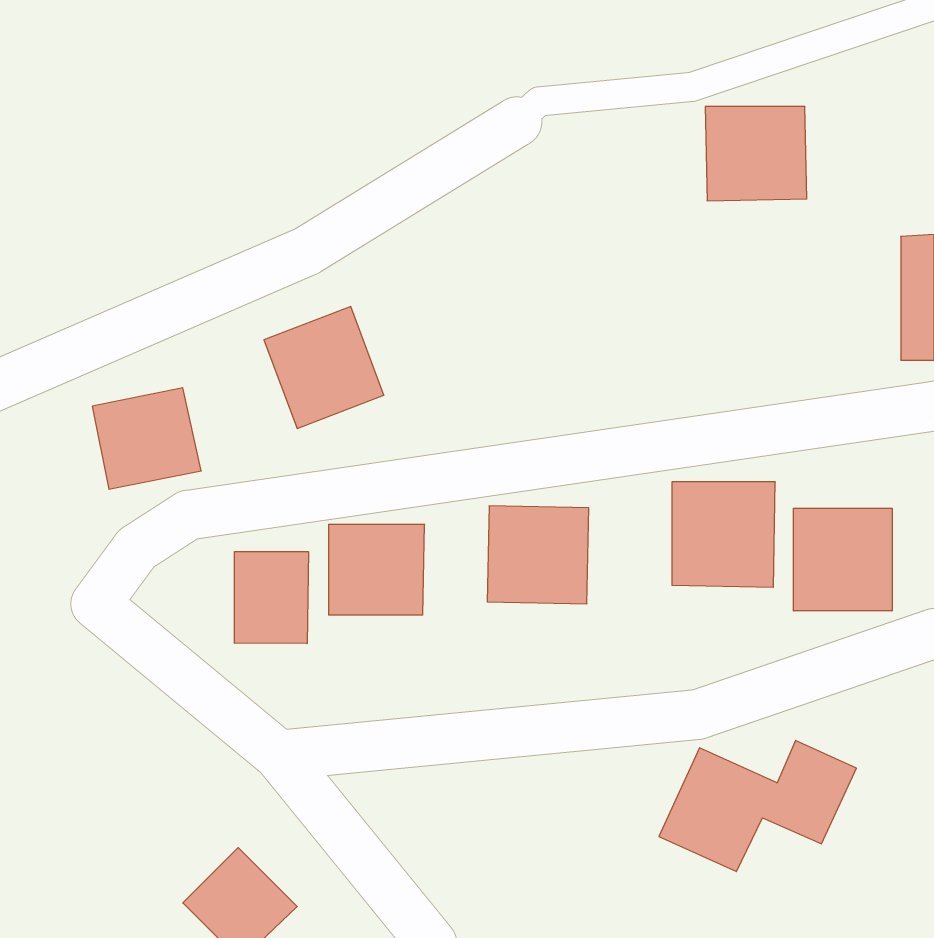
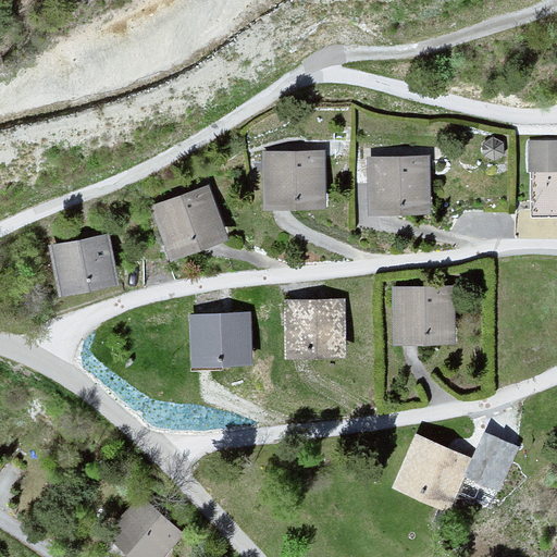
building: [705,107,807,201] -> [367,157,426,212]
building: none -> [264,148,324,203]
building: [794,508,892,611] -> none
building: [235,552,308,644] -> none

